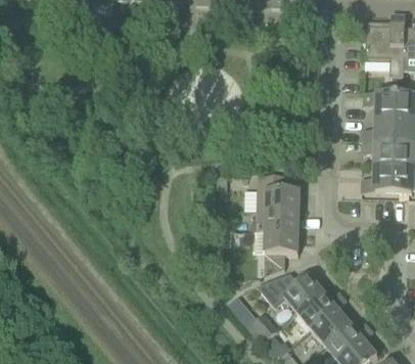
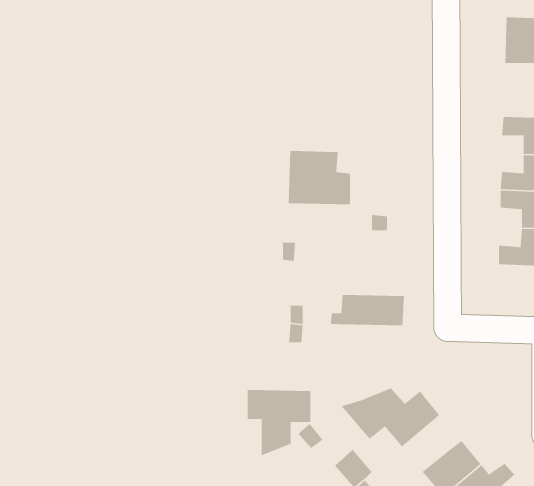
building: [258,174,299,211] -> [288,150,351,205]
building: [256,230,298,275] -> [247,389,311,457]
building: [297,290,347,328] -> none

